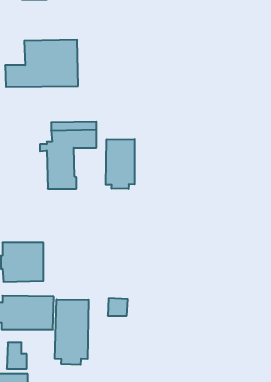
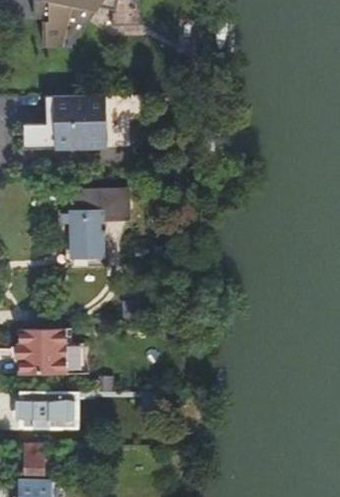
building: [106,139,135,189] -> none
building: [55,299,89,365] -> none

